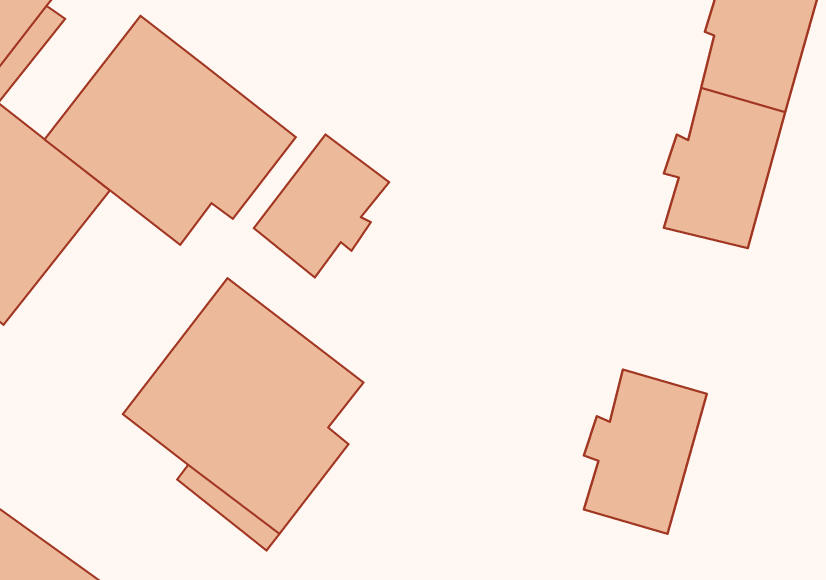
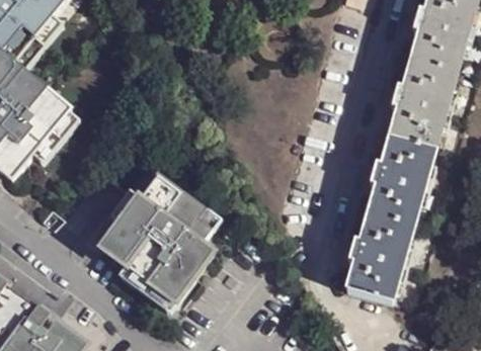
building: [45,16,296,245] -> none
building: [254,135,389,277] -> none
building: none -> [366,139,433,229]

